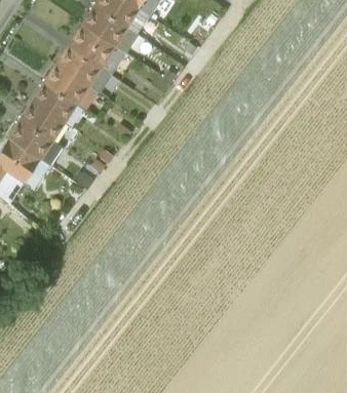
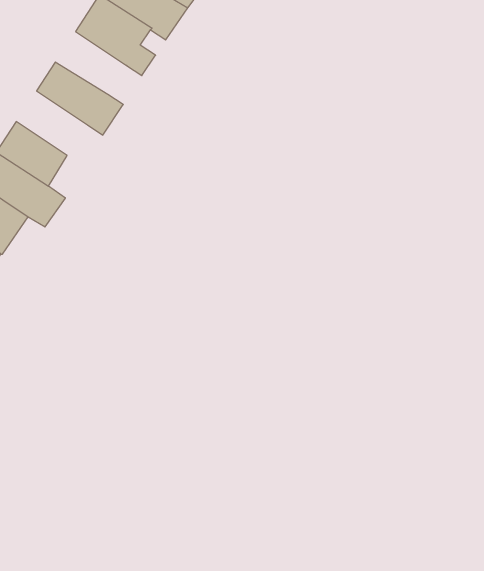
building: [56,47,110,91] -> none
building: [33,83,76,122] -> none

